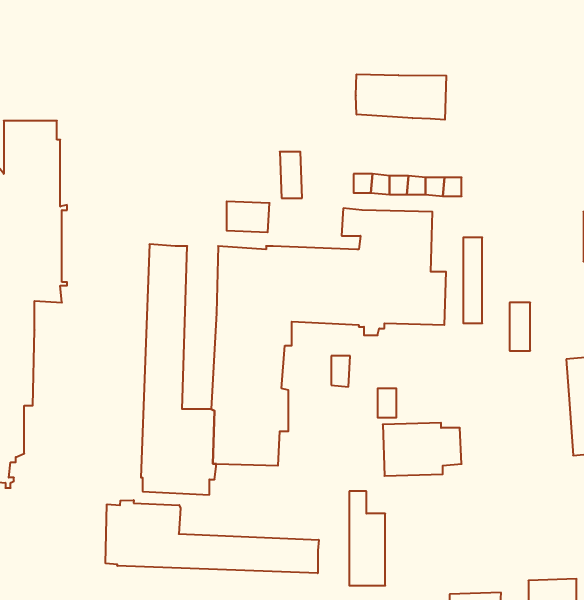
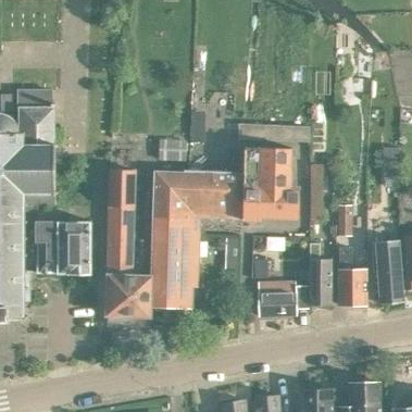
building: [356,74,446,120] -> none
building: none -> [36,221,90,273]
building: none -> [338,248,365,304]
building: [349,491,385,586] -> [308,244,330,303]
building: [106,500,319,573] -> none

